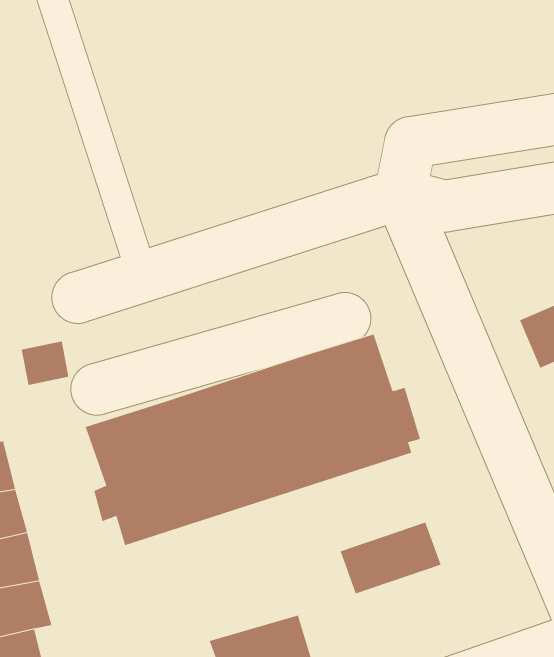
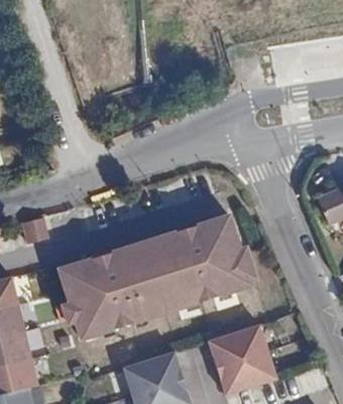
building: none -> [218,349,276,393]
building: none -> [125,350,185,393]

